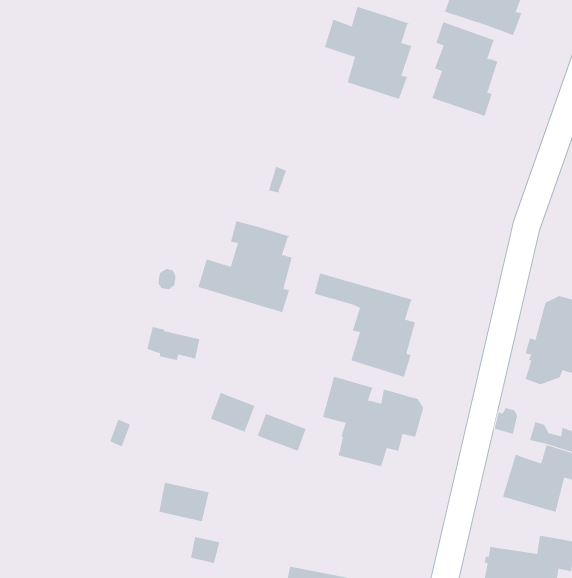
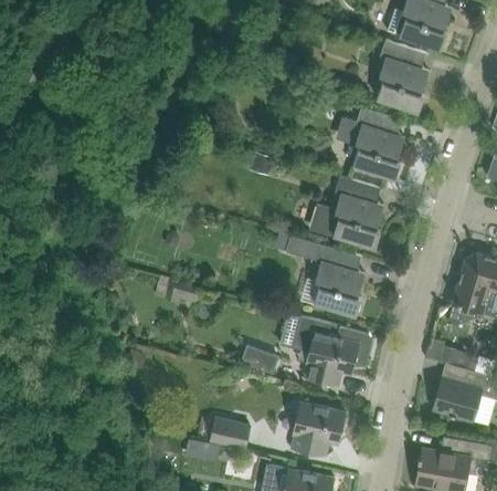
building: [324,6,412,100] -> [336,107,404,180]
building: [198,221,293,313] -> [309,177,383,249]
building: [210,392,255,432] -> none
building: [158,482,209,522] -> [210,418,250,449]
building: none -> [290,403,345,457]

